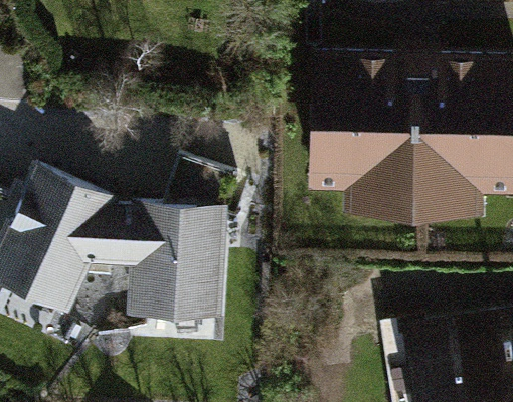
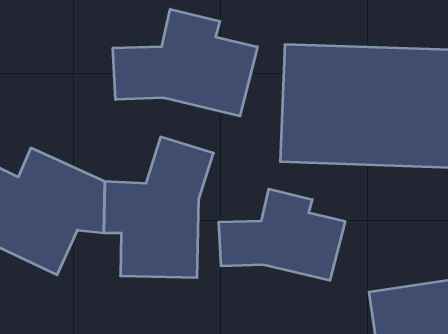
building: none -> [113,9,257,116]
building: none -> [219,189,345,280]

